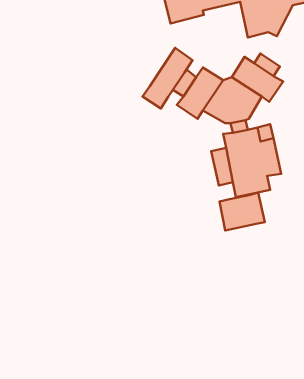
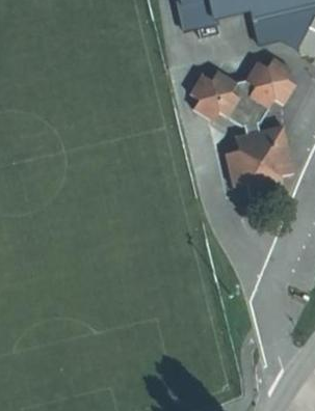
building: [143,48,193,108] -> none
building: [220,192,265,231] -> none

